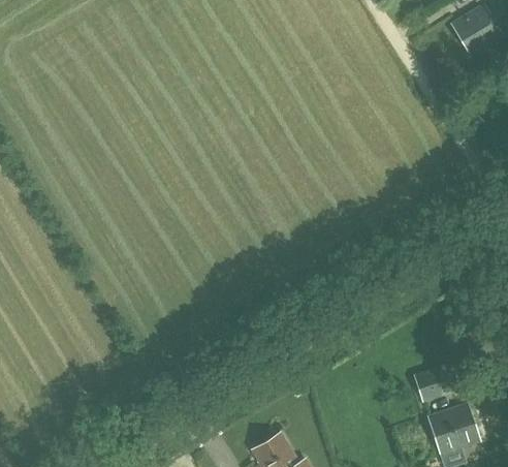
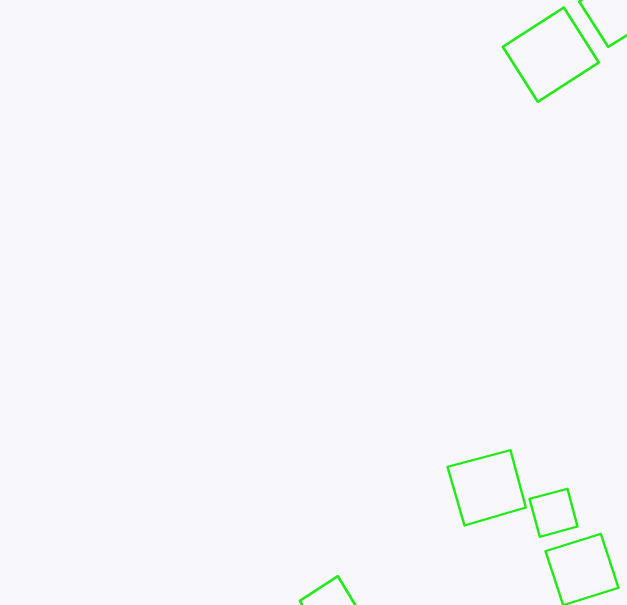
building: none -> [503,7,599,102]
building: none -> [448,450,526,525]

